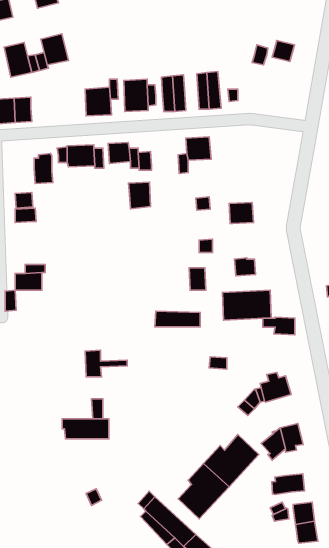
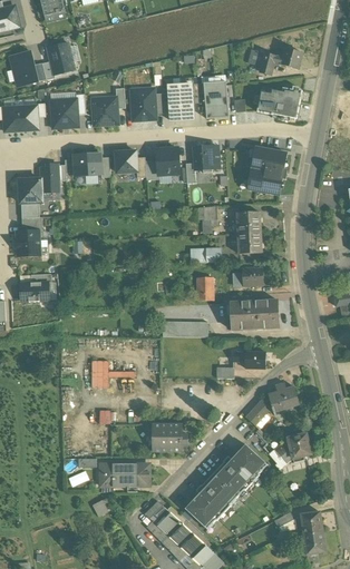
building: none -> [256,89,299,118]
building: none -> [51,100,78,129]
building: none -> [249,146,286,193]
building: none -> [19,177,41,203]
building: [128,182,151,209] -> [156,148,178,175]
building: none -> [16,230,40,257]
building: none -> [239,232,261,254]
building: [263,317,295,335] -> [233,351,265,369]
building: none -> [152,423,187,451]
building: [62,419,109,439] -> [101,464,148,484]
building: [272,474,305,494] -> none

